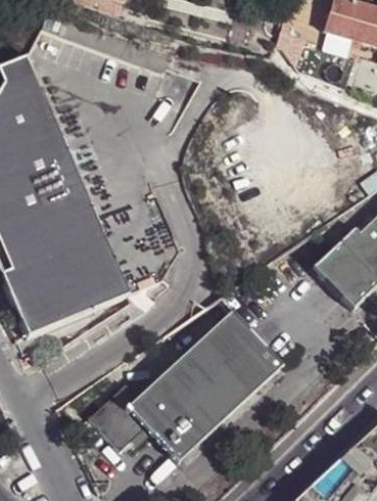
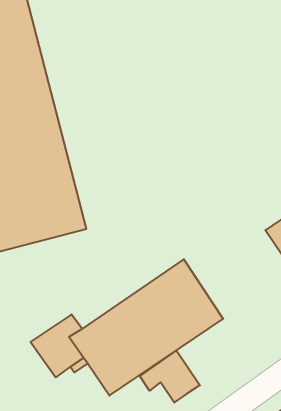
building: none -> [140,350,200,403]

